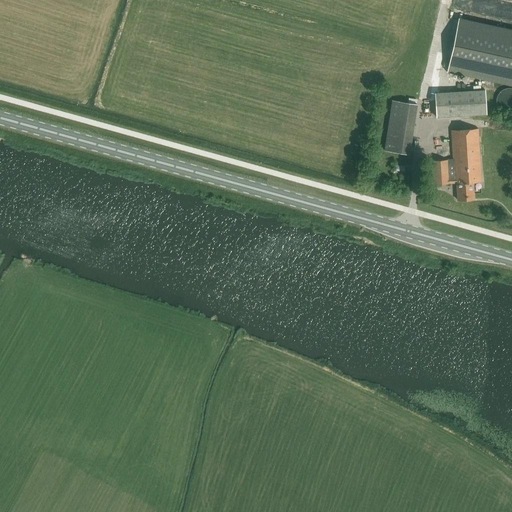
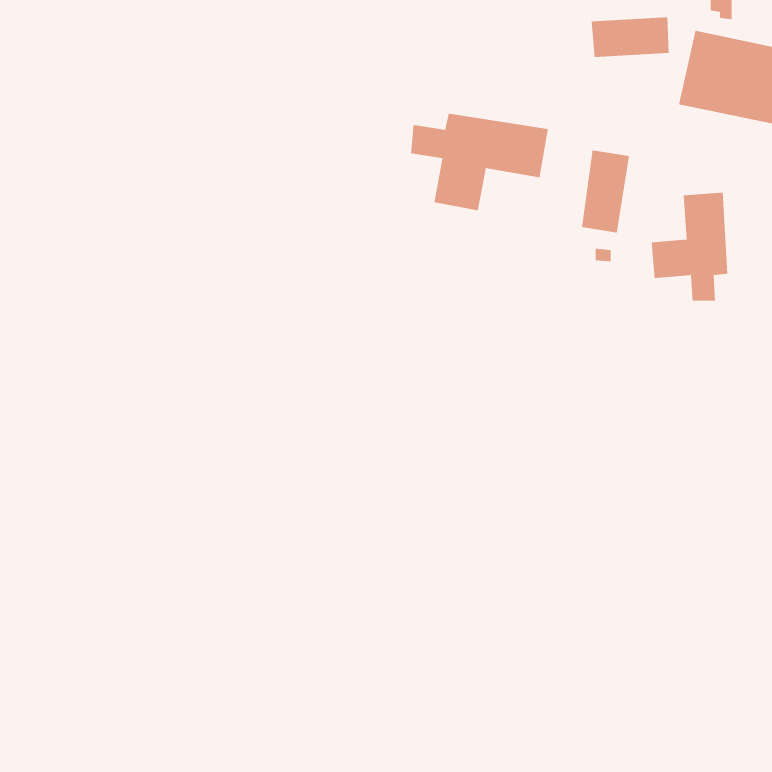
building: none -> [410,113,549,211]
building: [435,89,487,116] -> [591,17,670,58]

